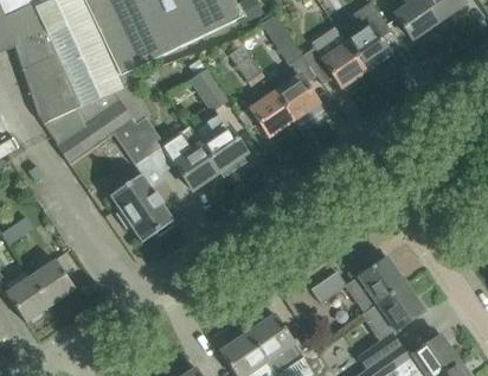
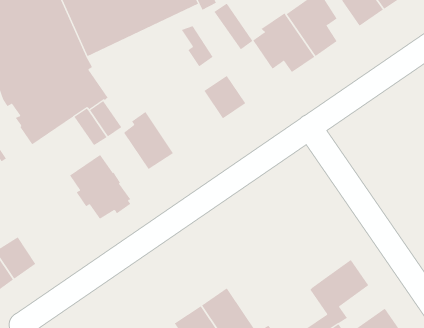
building: [188,68,229,111] -> none
building: [275,74,319,120] -> none
building: [190,113,246,172] -> none
building: [310,256,405,313] -> none

